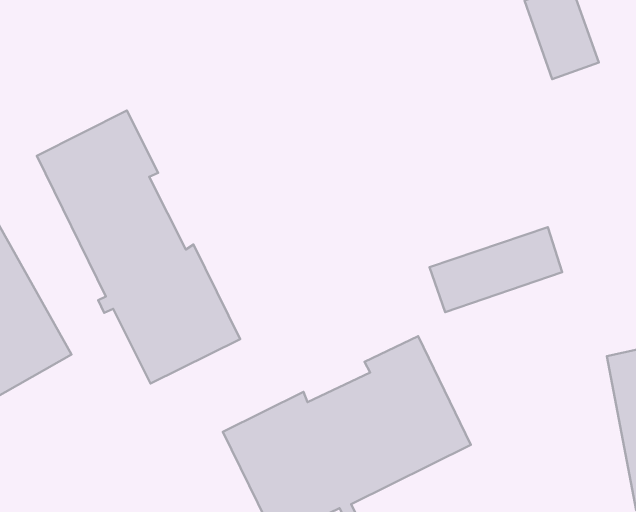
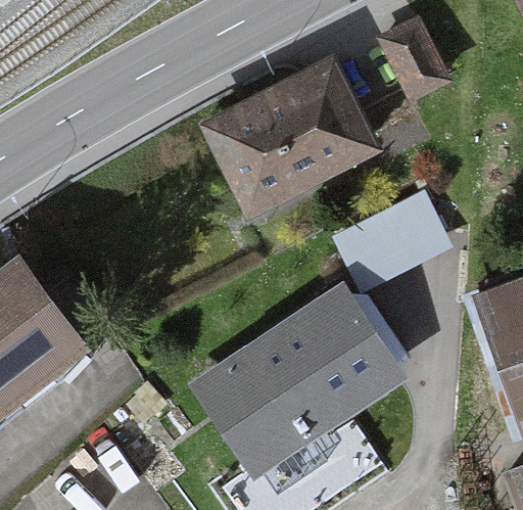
building: none -> [215,68,366,206]
building: [37,110,240,384] -> none

